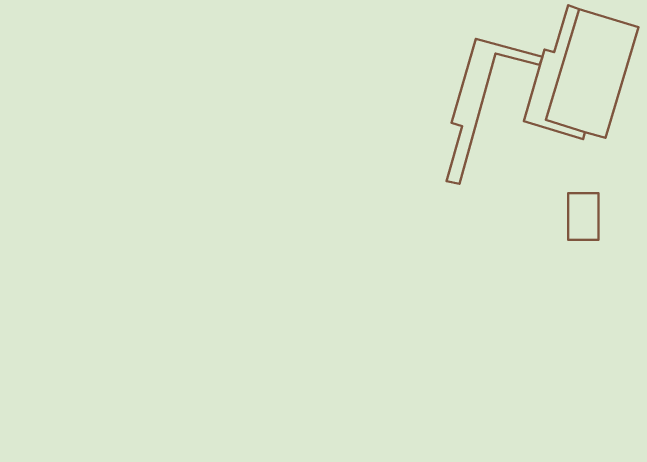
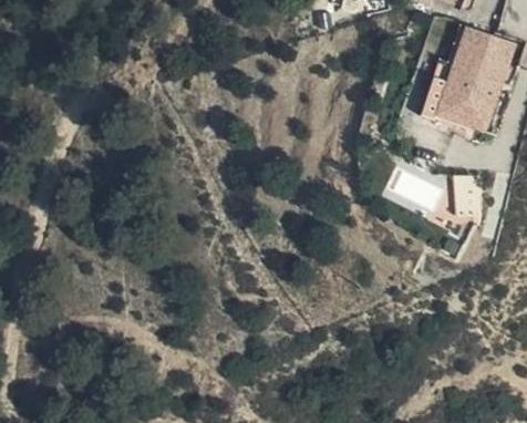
building: [446,39,542,184] -> none

